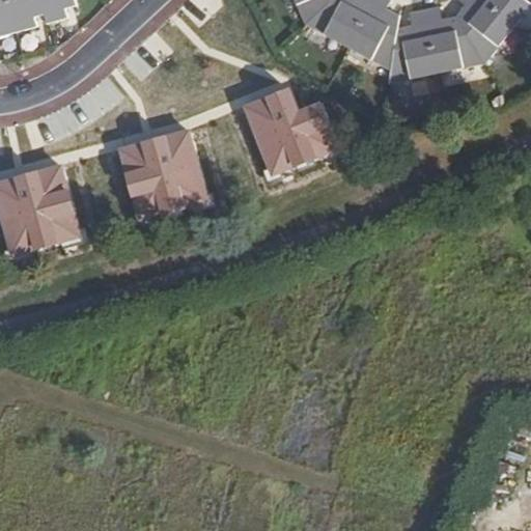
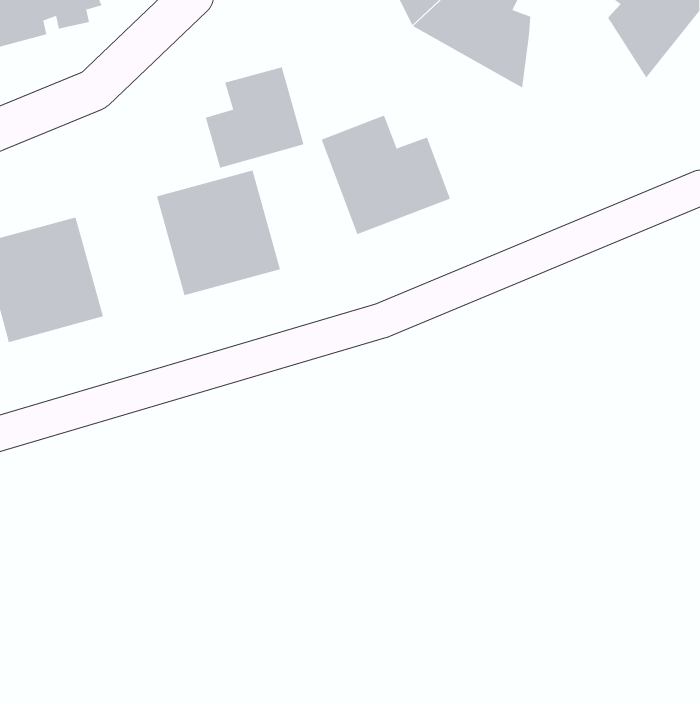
building: [391,4,484,80] -> none
building: none -> [205,67,304,168]

